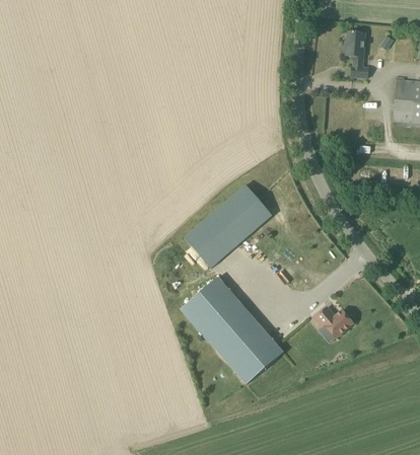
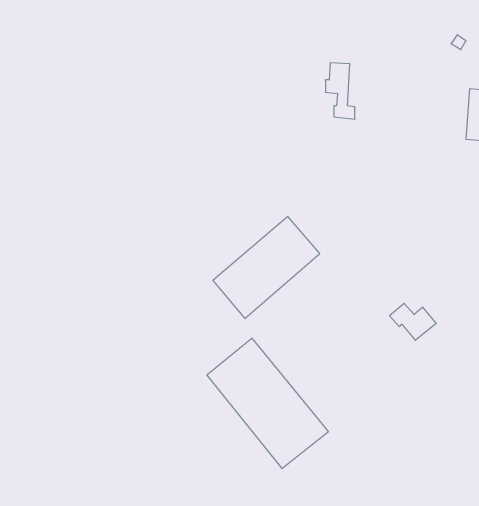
building: [345,30,369,77] -> [325,63,355,119]
building: [306,310,345,340] -> [390,303,436,340]

